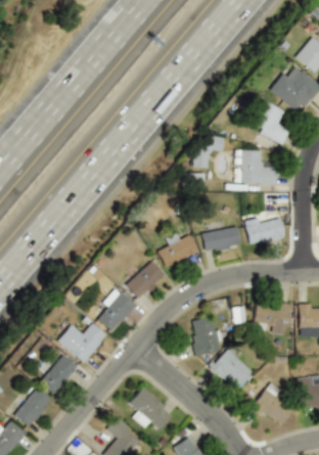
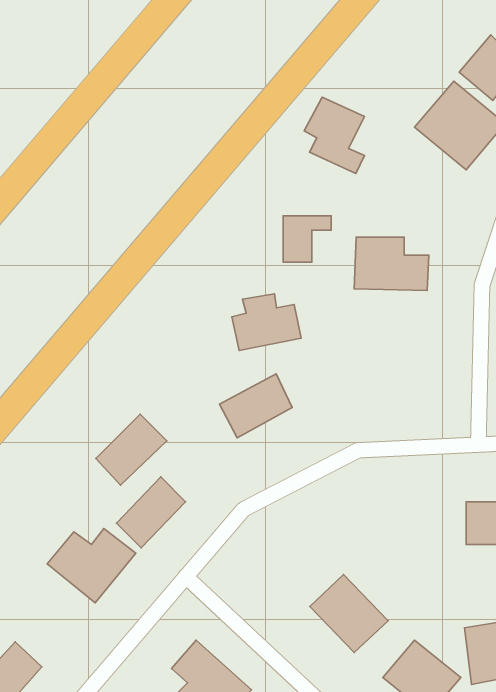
building: [253,100,287,144] -> [304,97,365,173]
building: [243,214,285,245] -> none
building: [201,221,241,254] -> [232,294,301,351]
building: [126,260,167,301] -> [96,414,167,485]
building: [255,304,291,332] -> none
building: [188,316,220,356] -> none
building: [39,354,80,396] -> none

